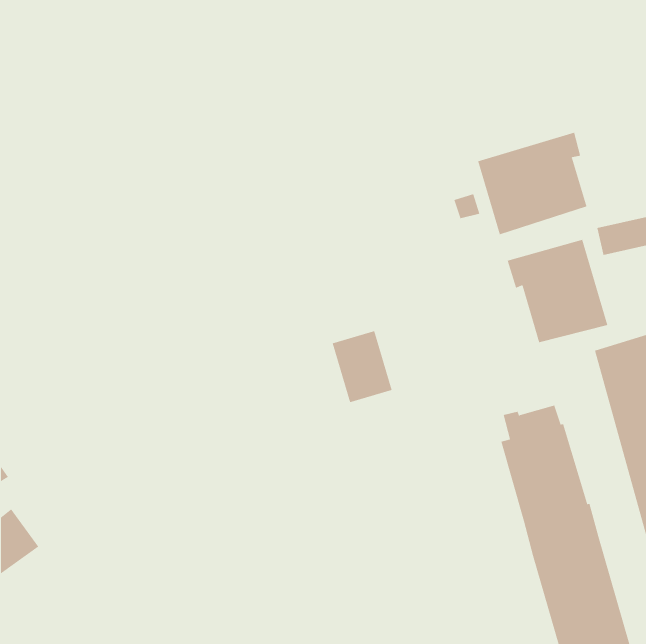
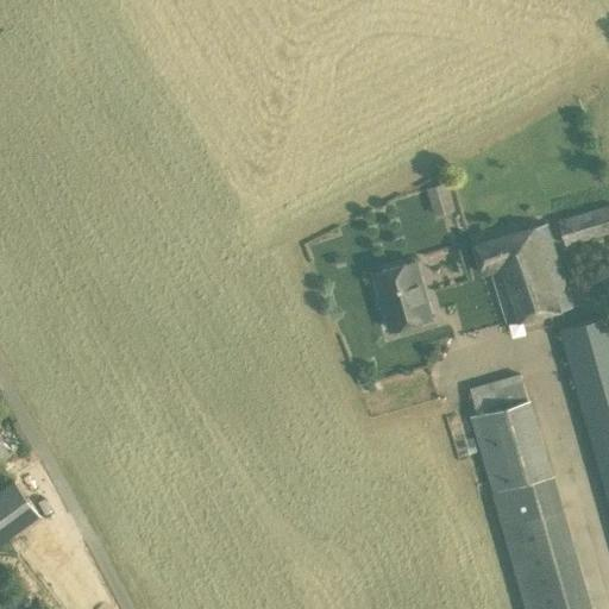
building: [478,132,587,235] -> none
building: [332,331,393,403] -> [378,265,435,333]

